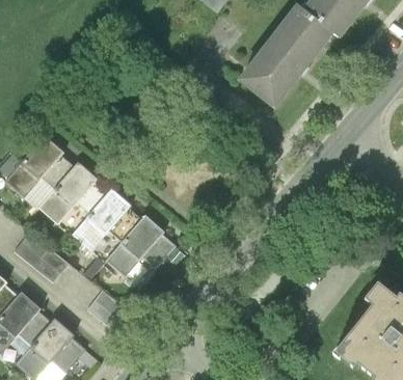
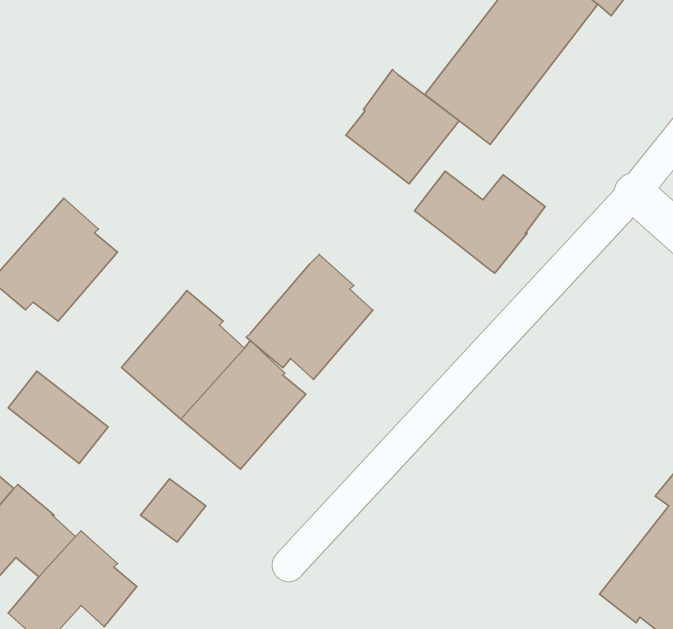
building: none -> [346,70,459,184]
building: none -> [415,171,545,273]
building: [37,161,106,228] -> [246,255,373,379]

